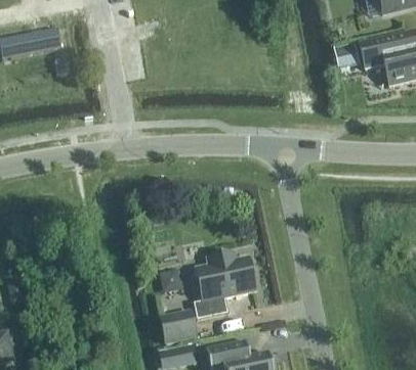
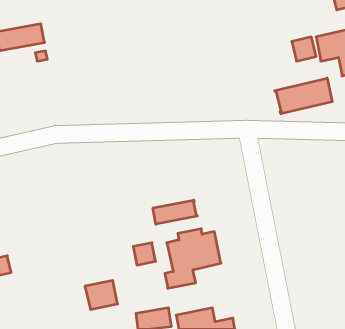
building: none -> [275,78,332,114]
building: none -> [153,200,197,224]
building: [160,311,196,342] -> [85,281,118,309]

